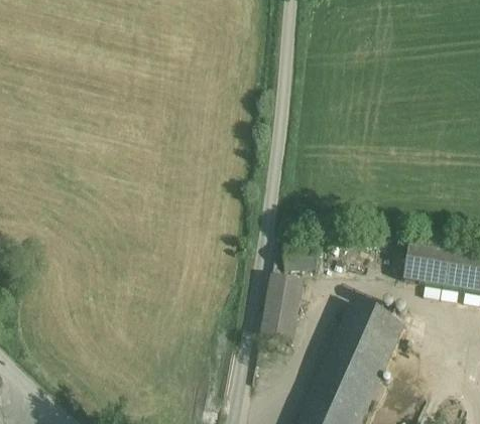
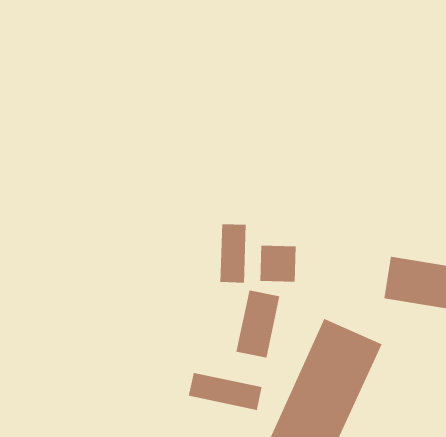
building: none -> [220,223,246,283]
building: none -> [188,372,262,411]

